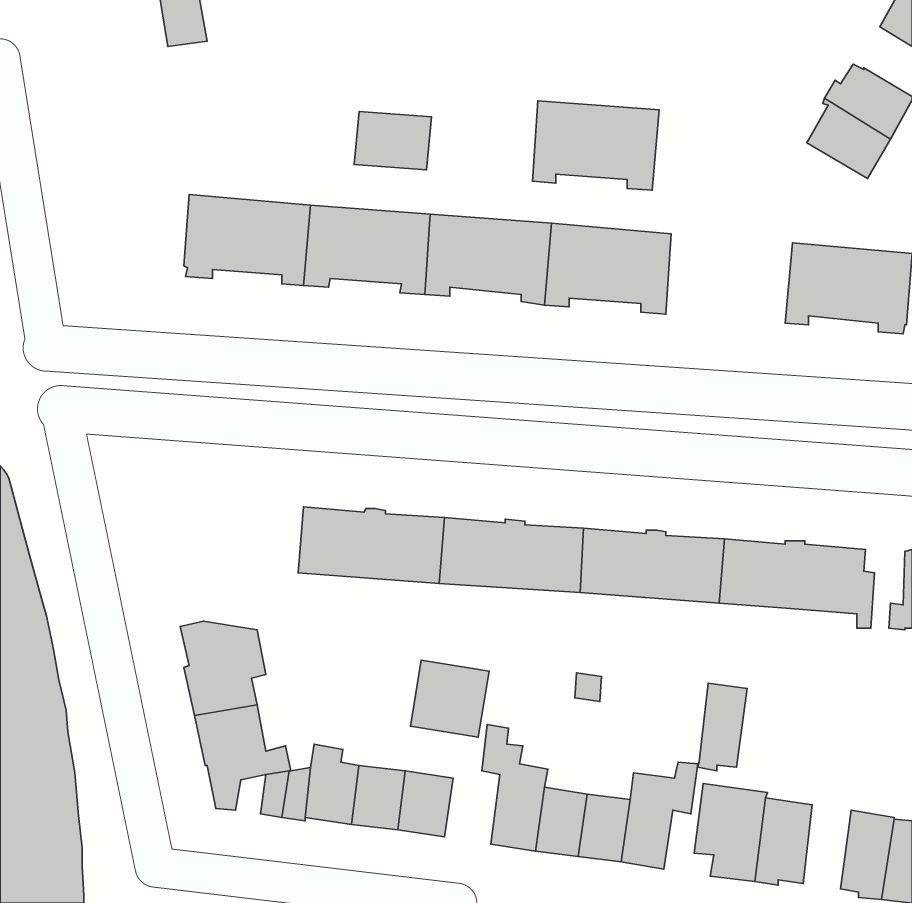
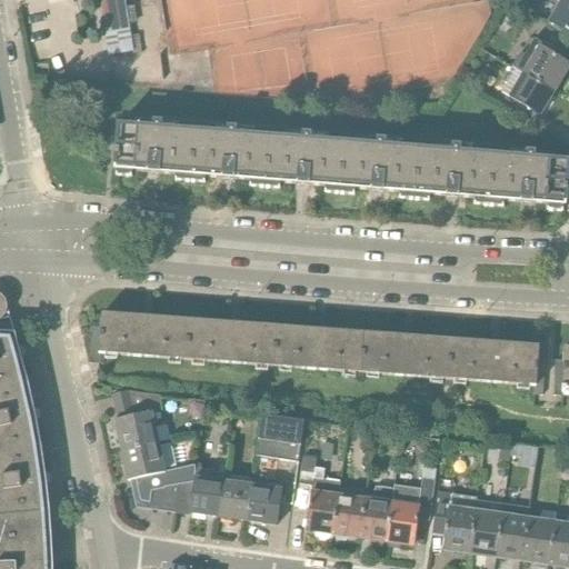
building: [533,101,659,190] -> [415,146,493,201]
building: [354,111,431,170] -> none
building: none -> [90,310,189,360]
building: [697,683,747,771] -> [499,501,530,556]

